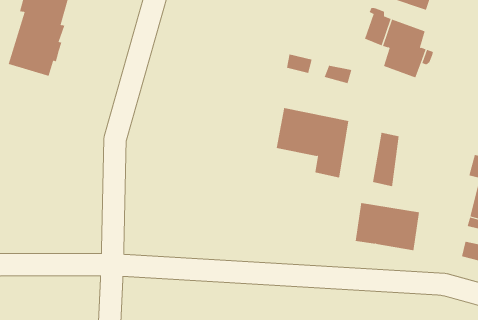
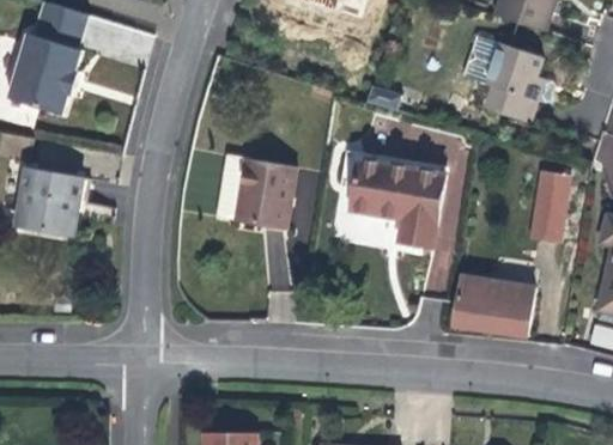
building: none -> [216,157,297,232]
building: none -> [17,166,91,237]
building: [372,132,400,187] -> [532,170,566,239]

